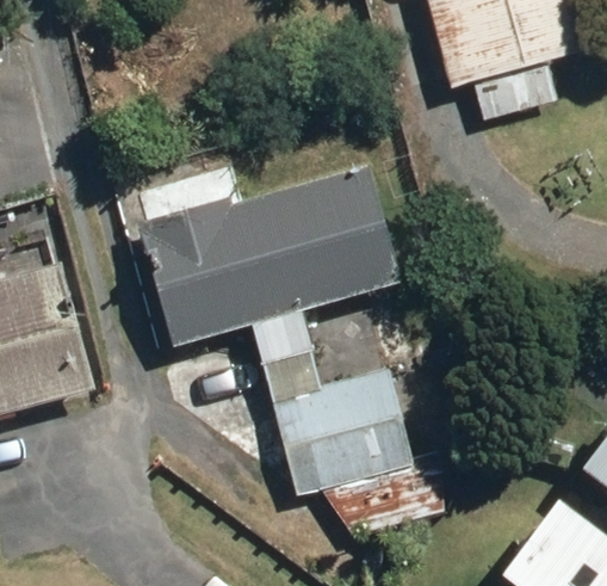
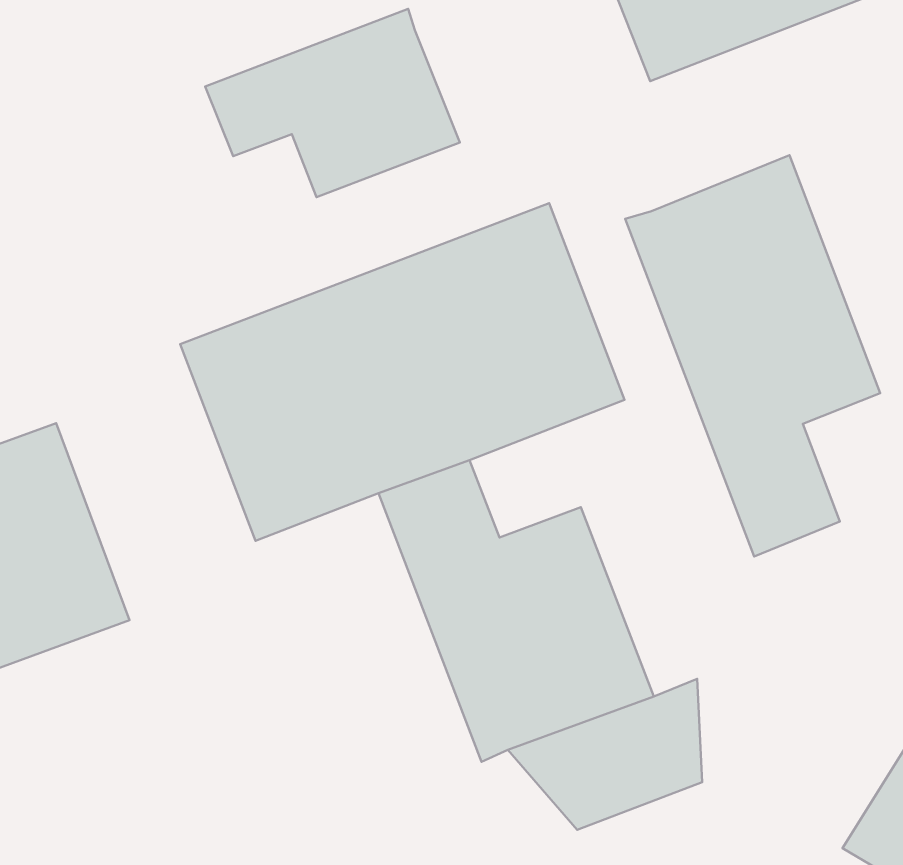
building: none -> [205,9,460,197]
building: none -> [625,155,880,556]

